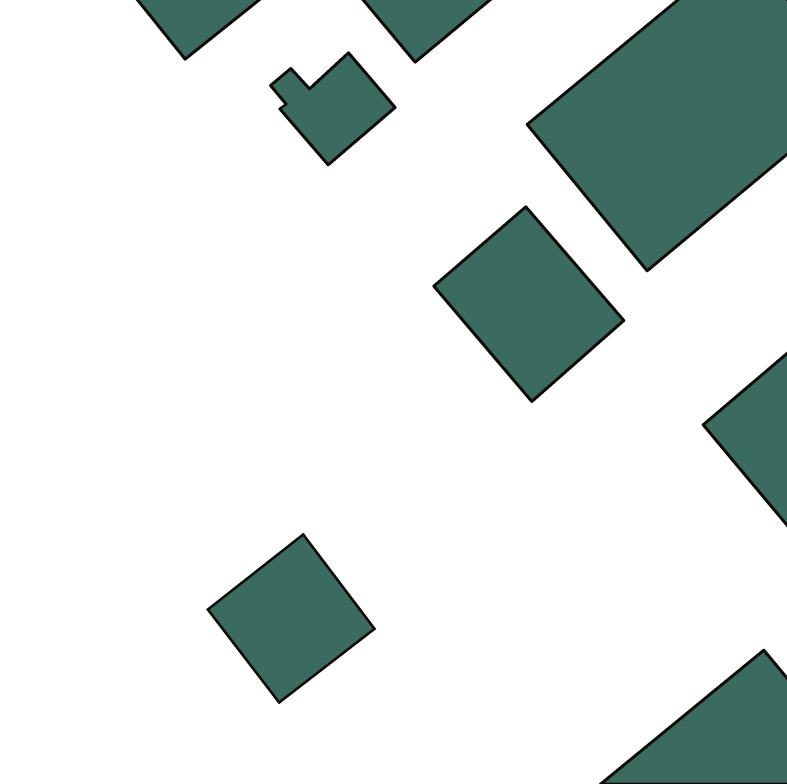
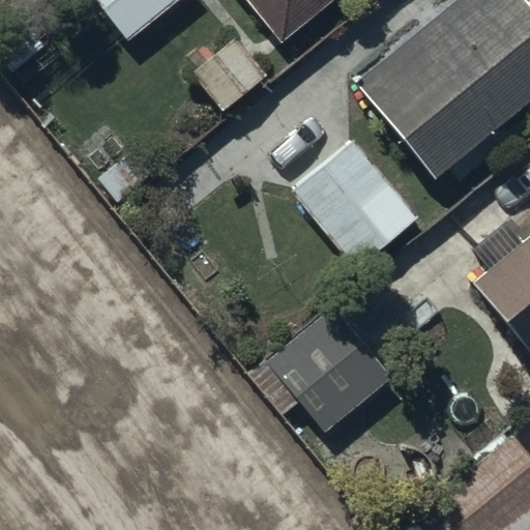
building: none -> [249,304,394,433]
building: [208,535,375,702] -> none

